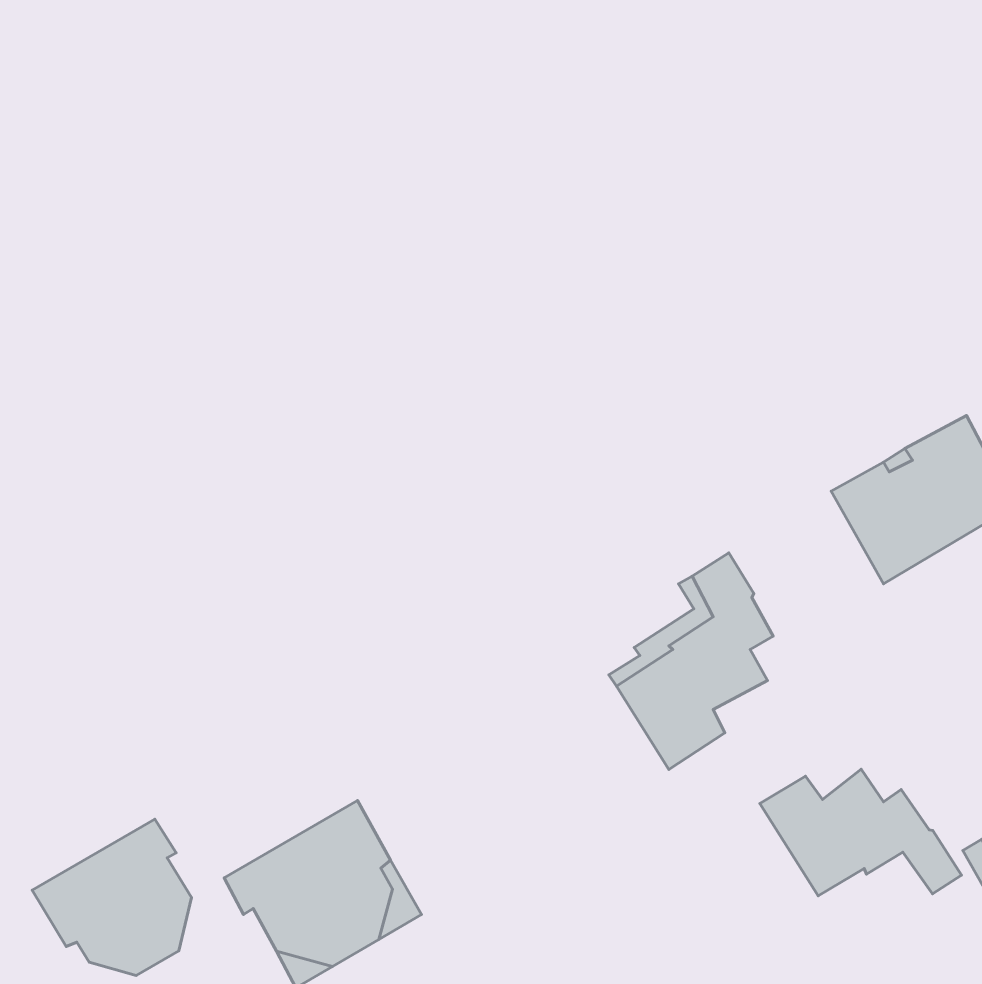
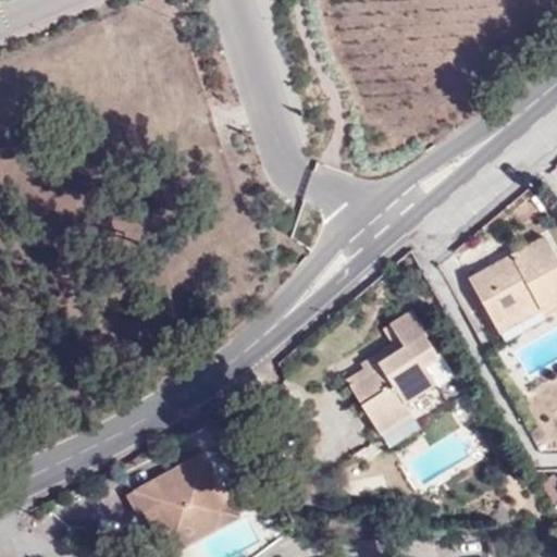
building: [760,769,962,896] -> none
building: [32,819,191,976] -> none

